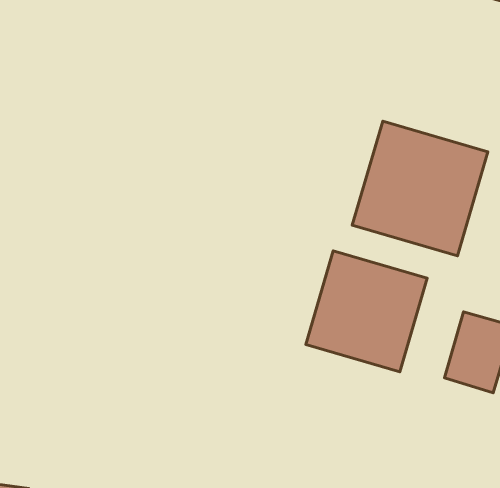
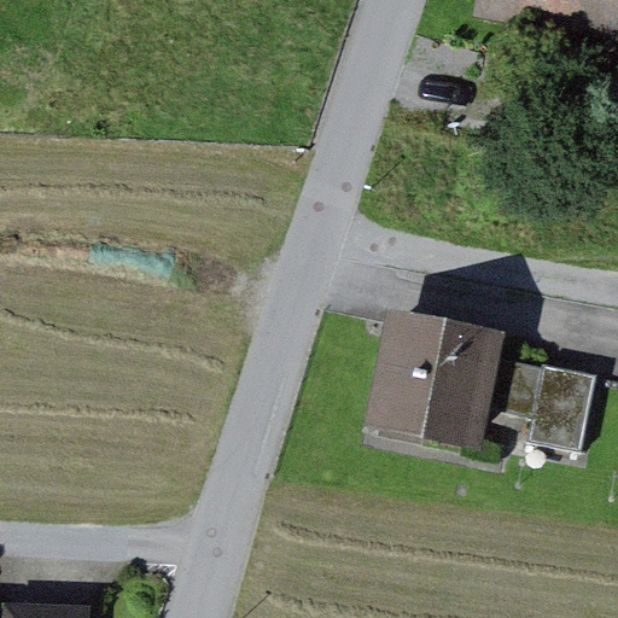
building: [352,121,488,256] -> none

